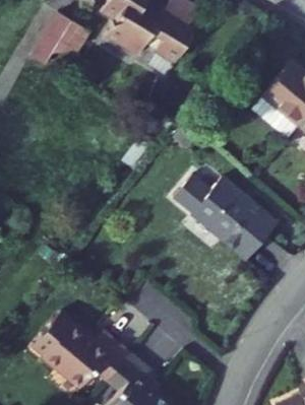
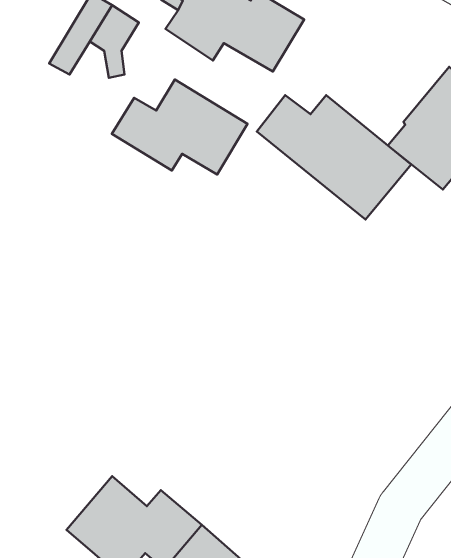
building: none -> [112,79,248,175]
building: [176,178,276,258] -> [257,95,411,220]

